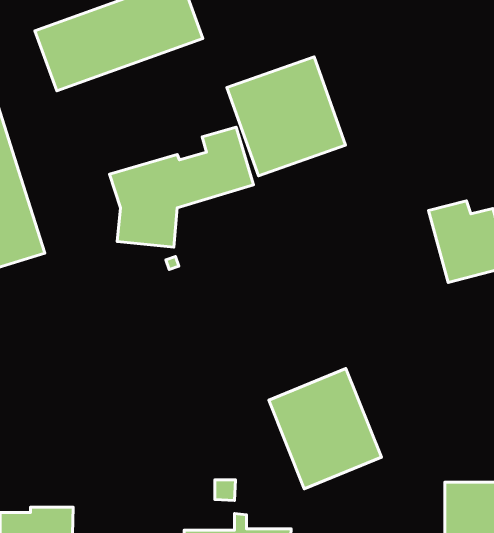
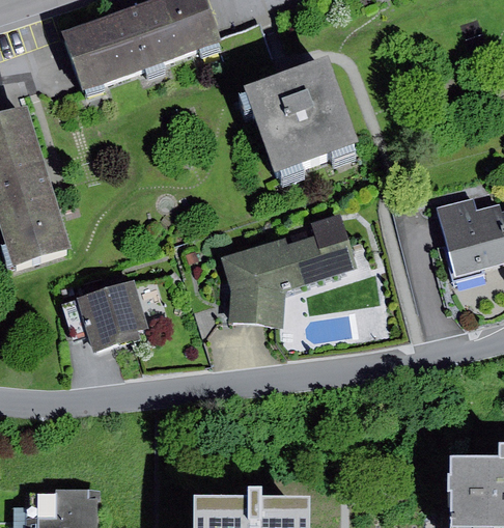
building: [110,127,253,247] -> [221,213,358,327]
building: none -> [79,282,147,352]
building: [269,368,381,489] -> none

